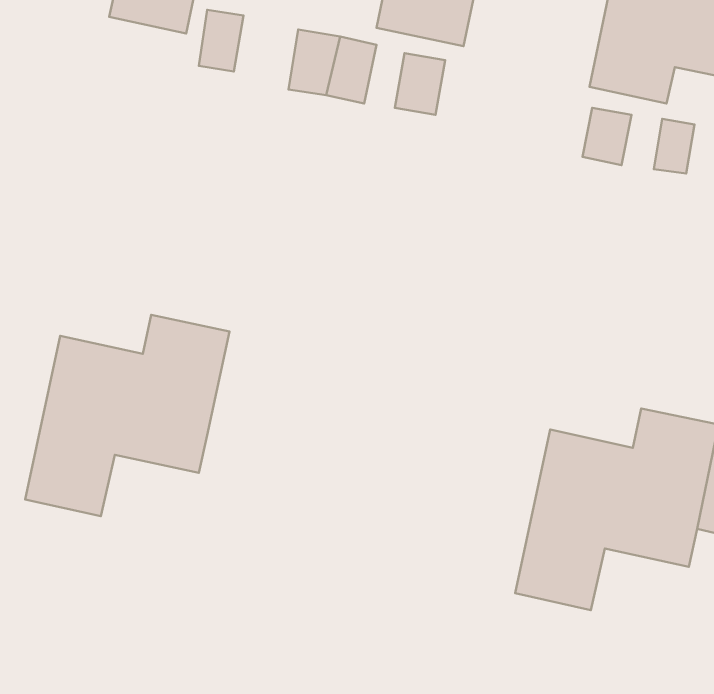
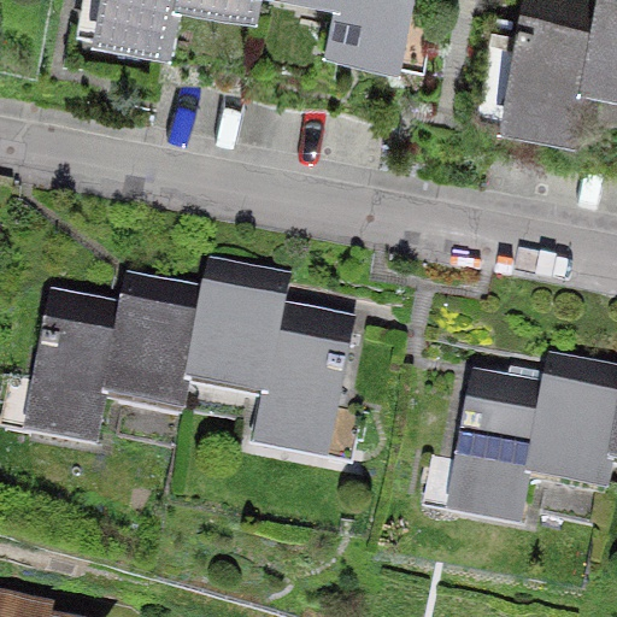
building: none -> [180,251,358,456]

